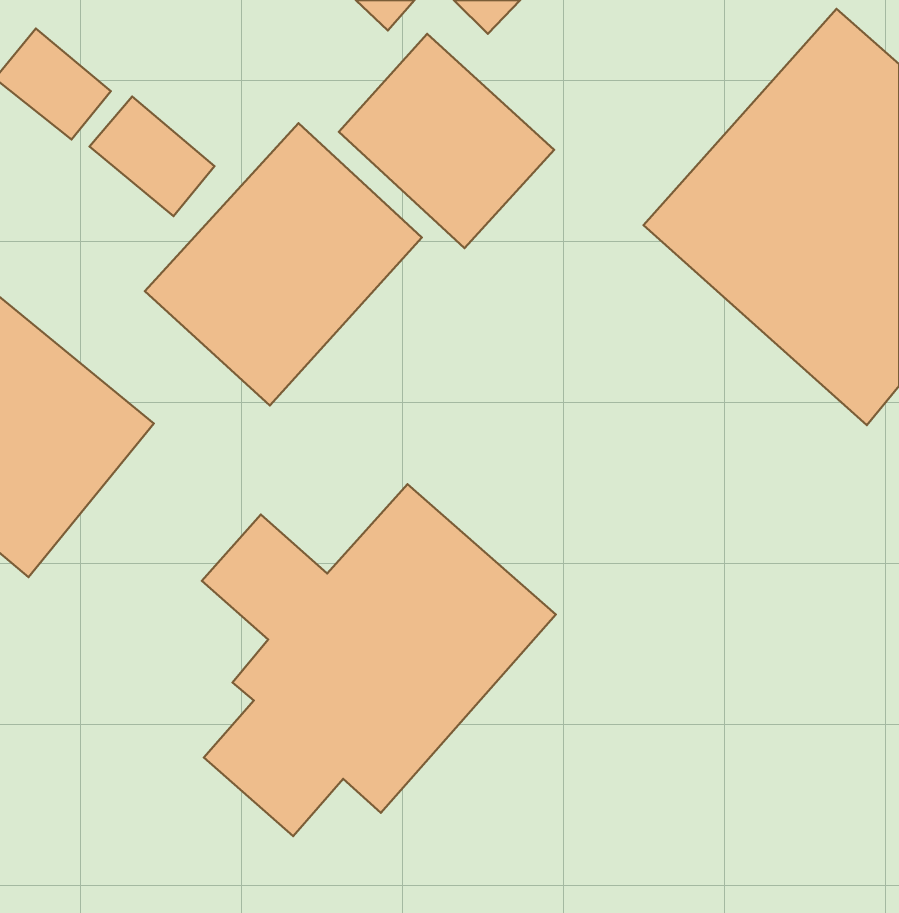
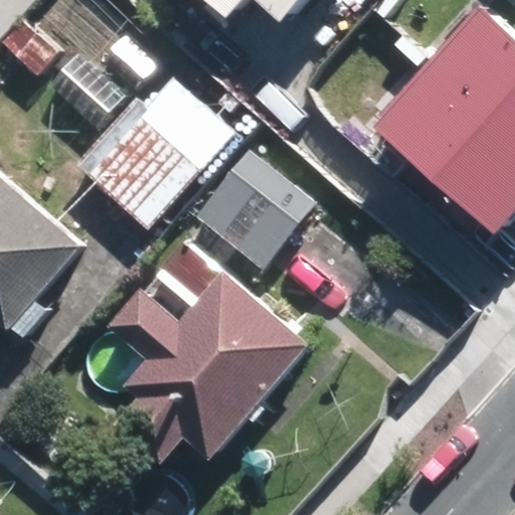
building: [339,34,554,248] -> none
building: none -> [198,149,318,269]

